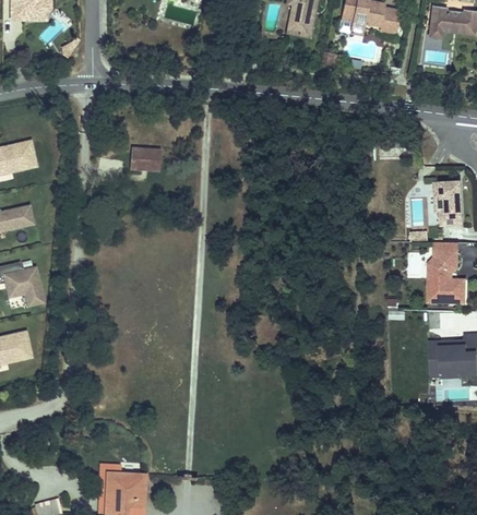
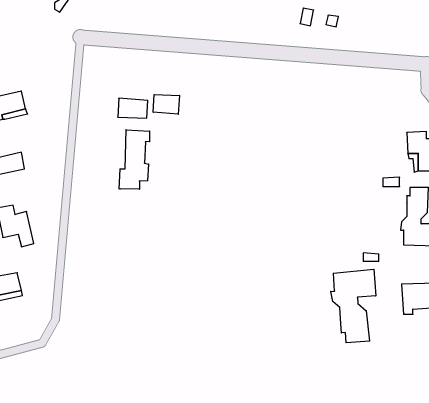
building: none -> [153,95,179,114]
building: none -> [119,130,150,189]
building: none -> [331,269,376,343]

